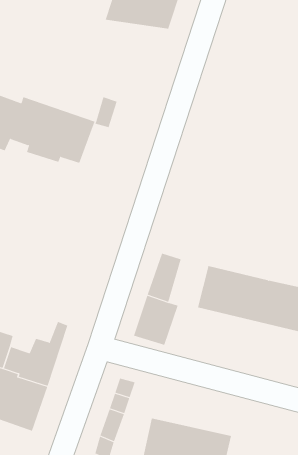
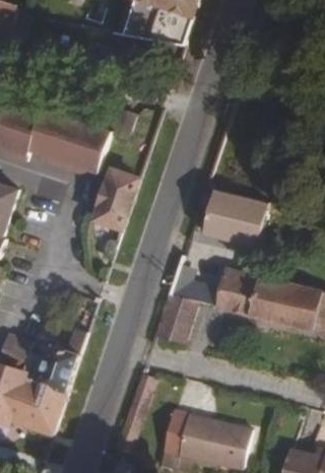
building: none -> [98,168,137,225]
building: none -> [196,184,269,253]

